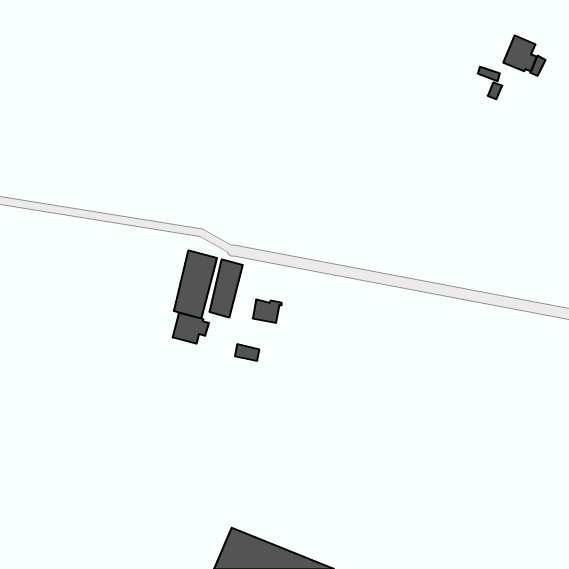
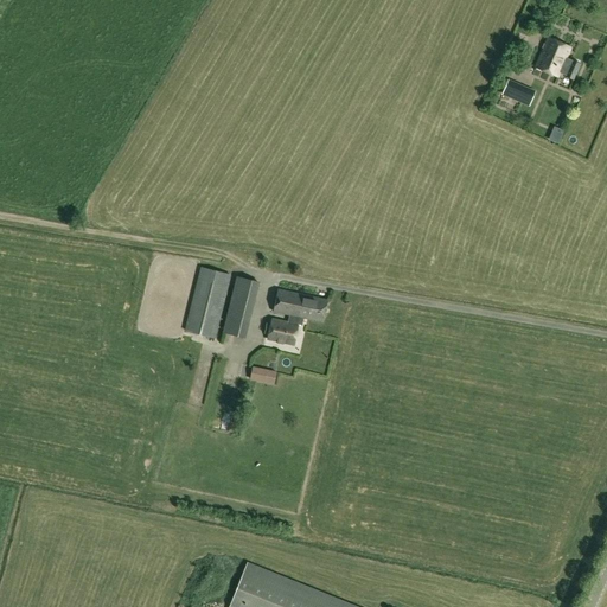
building: none -> [273,289,328,326]
building: [173,313,209,344] -> none

